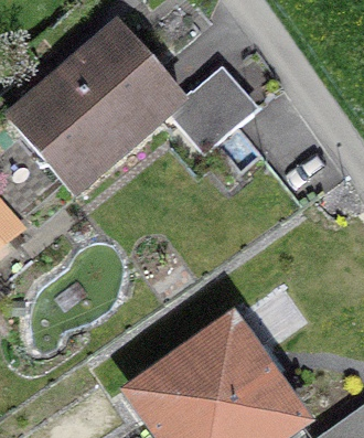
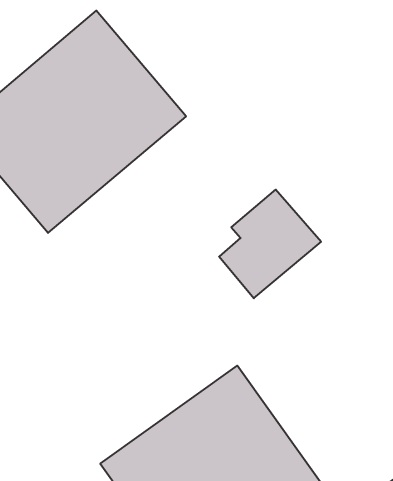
building: [176,64,260,153] -> [219,190,321,298]

